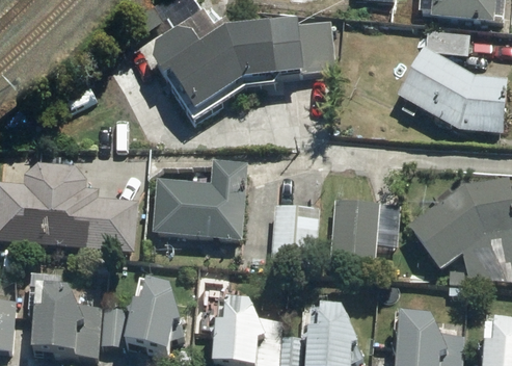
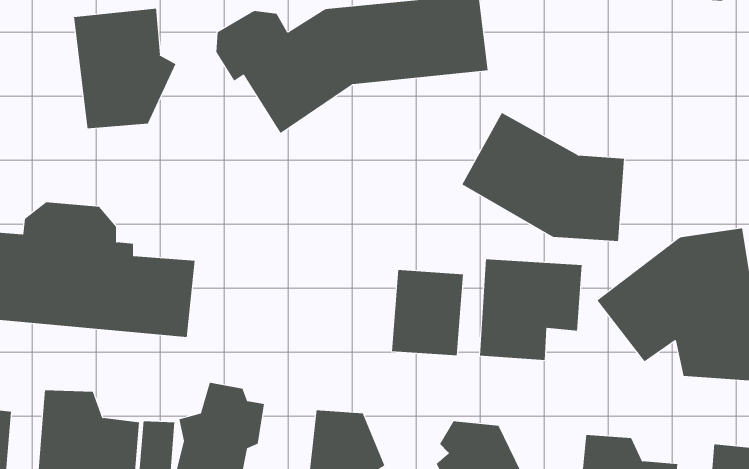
building: none -> [74,8,176,129]
building: [396,46,506,133] -> [461,112,625,242]
building: [152,159,247,240] -> none

